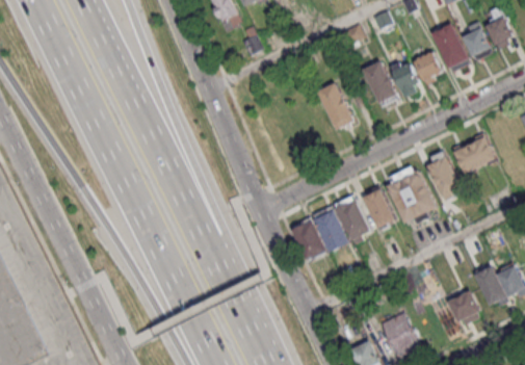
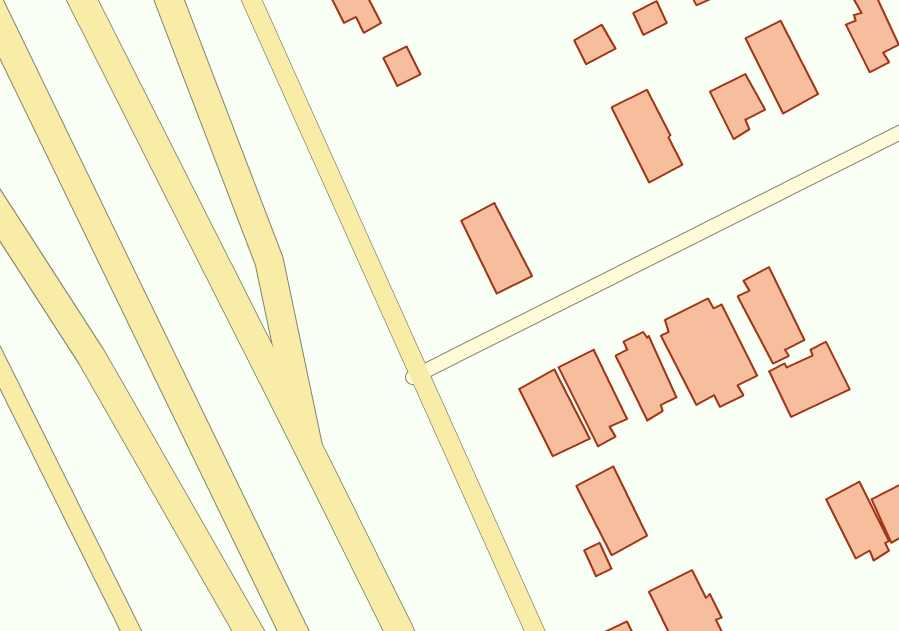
building: [463,21,491,58] -> none
building: [388,58,418,96] -> none
building: [316,79,353,127] -> [461,203,532,294]
building: [453,135,496,175] -> [769,342,850,417]
building: [290,216,327,263] -> [576,467,647,555]
building: [448,288,481,324] -> none

